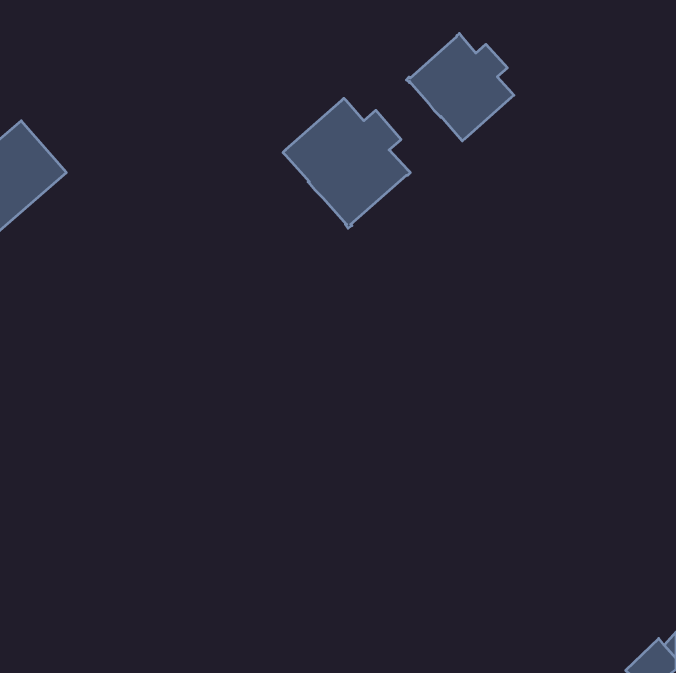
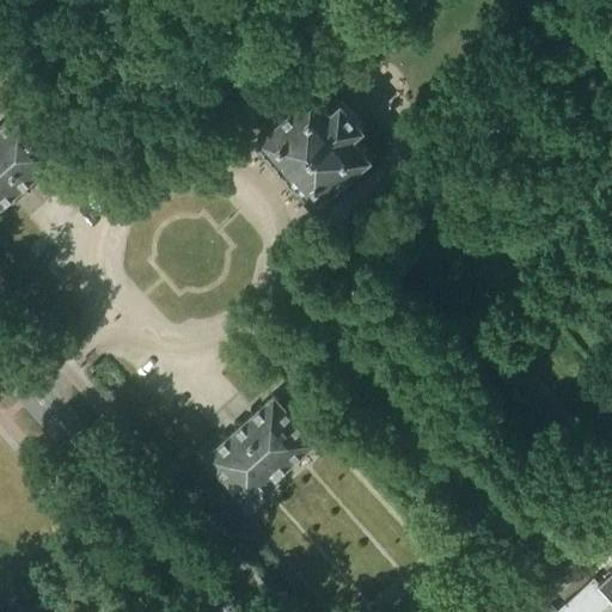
building: [406,33,514,141] -> none
building: none -> [203,402,313,509]

